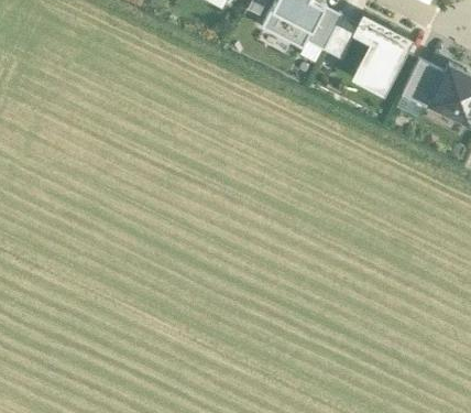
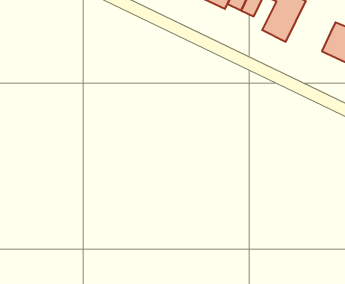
building: [401,61,443,108] -> none

